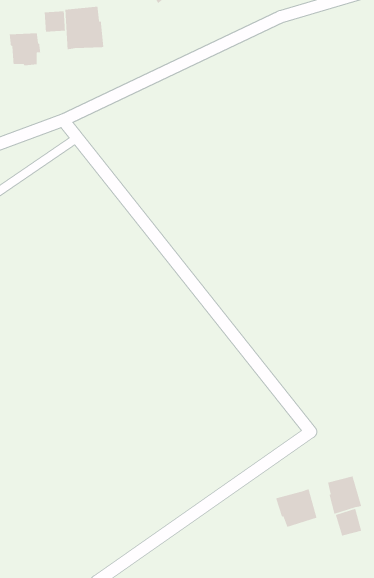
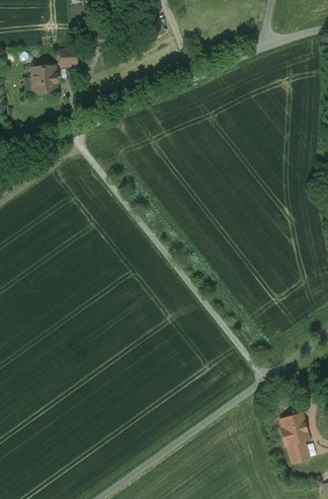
building: [65,6,104,50] -> none
building: [275,488,317,528] -> none

